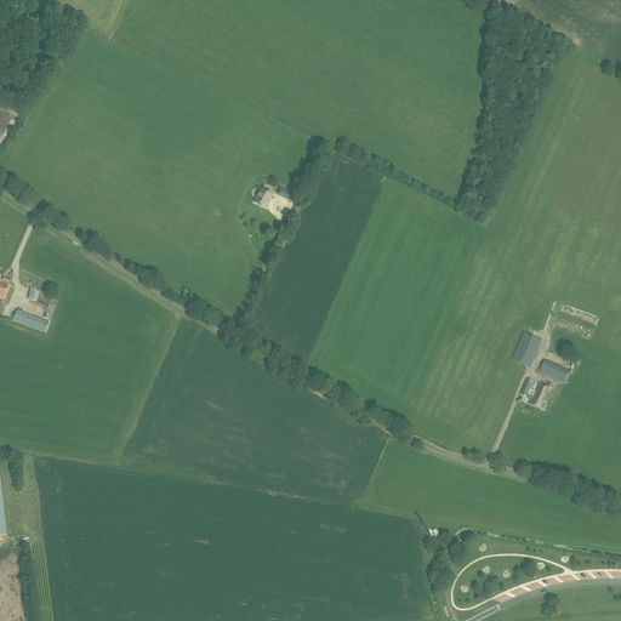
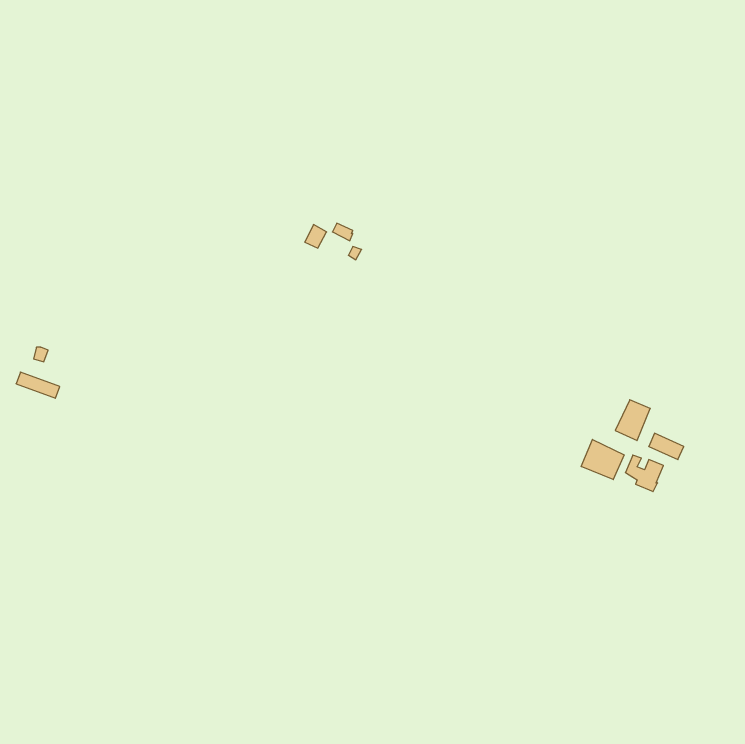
building: none -> [581,439,624,480]

